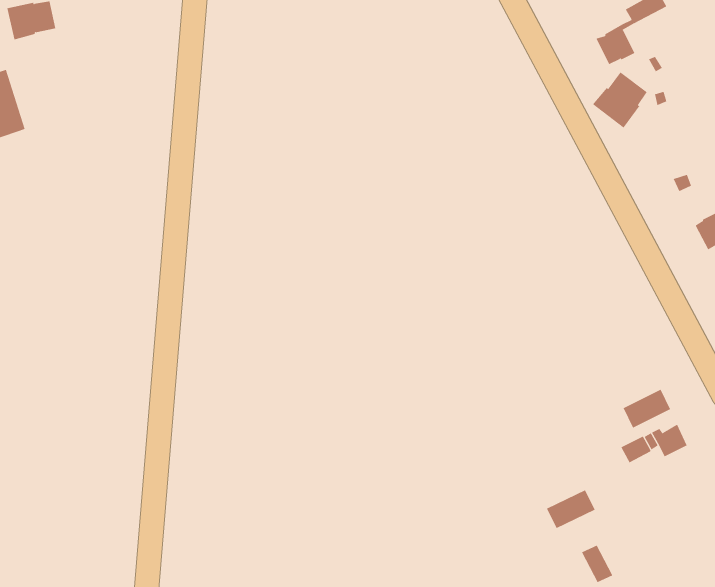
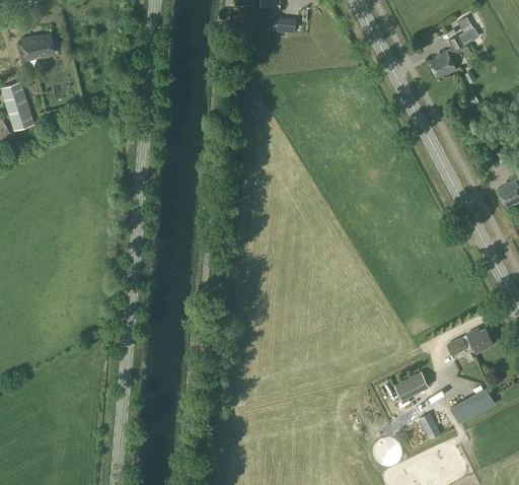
building: [592,71,648,129] -> none
building: [623,389,671,429] -> none
building: none -> [450,387,495,423]

